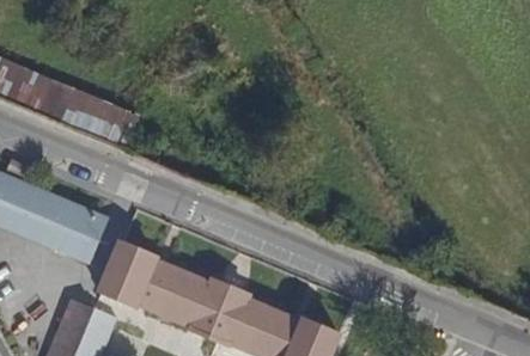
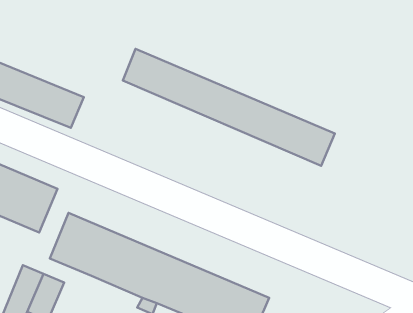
building: none -> [123,49,335,166]

